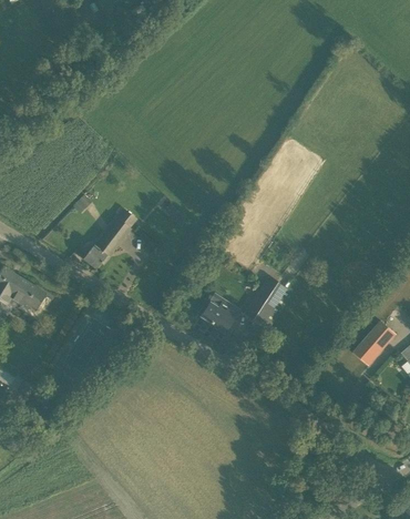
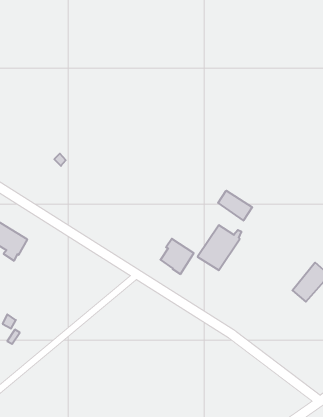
building: [83,207,136,268] -> none
building: none -> [218,191,252,221]

